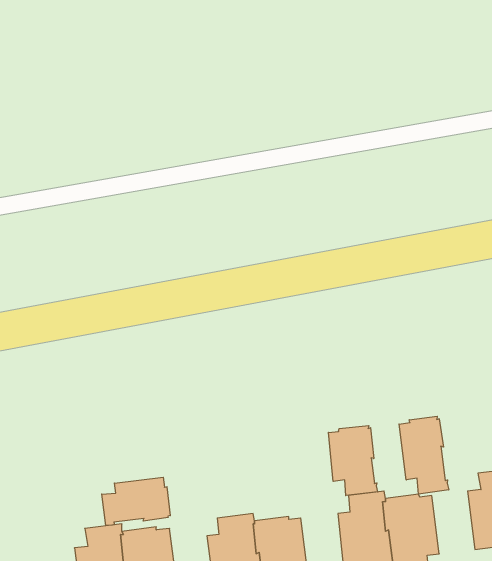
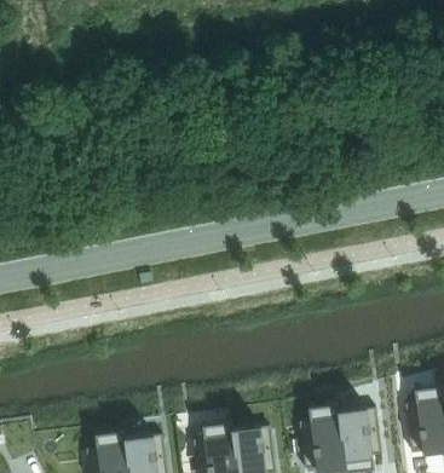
building: [399,416,449,494] -> none
building: [328,426,378,496] -> none
building: [102,477,170,525] -> none

